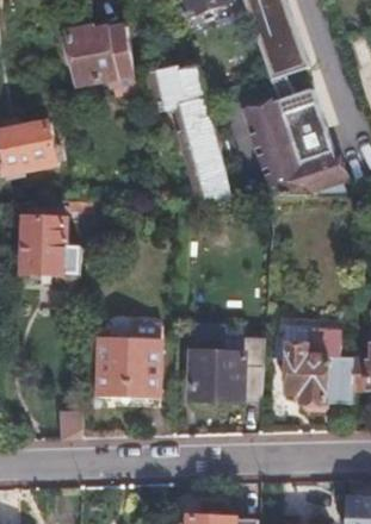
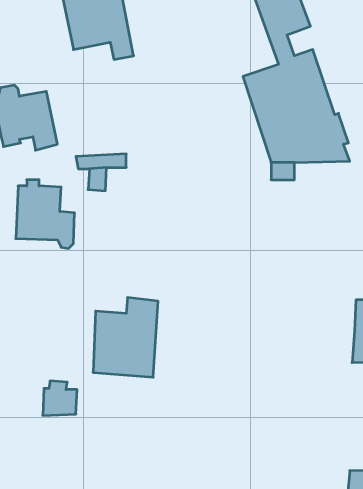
building: [152,54,234,196] -> none
building: [190,325,262,401] -> none
building: [278,328,352,410] -> none

